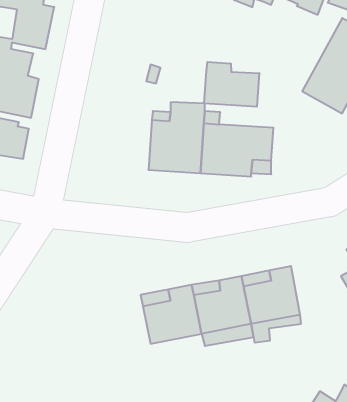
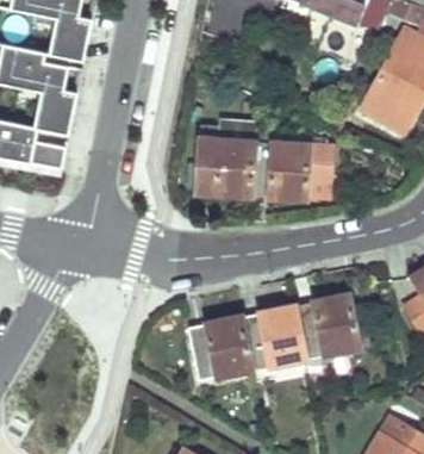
building: [204,62,259,107] -> none

